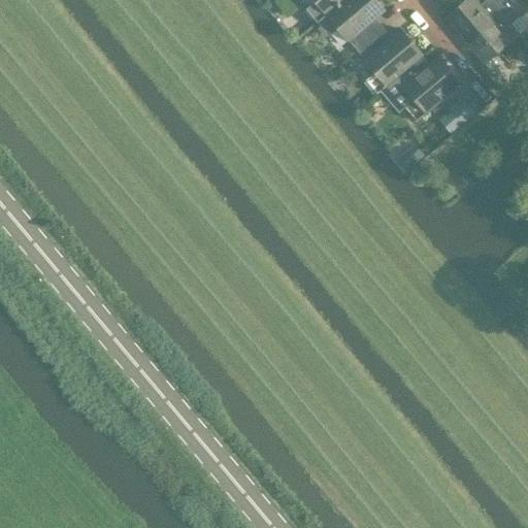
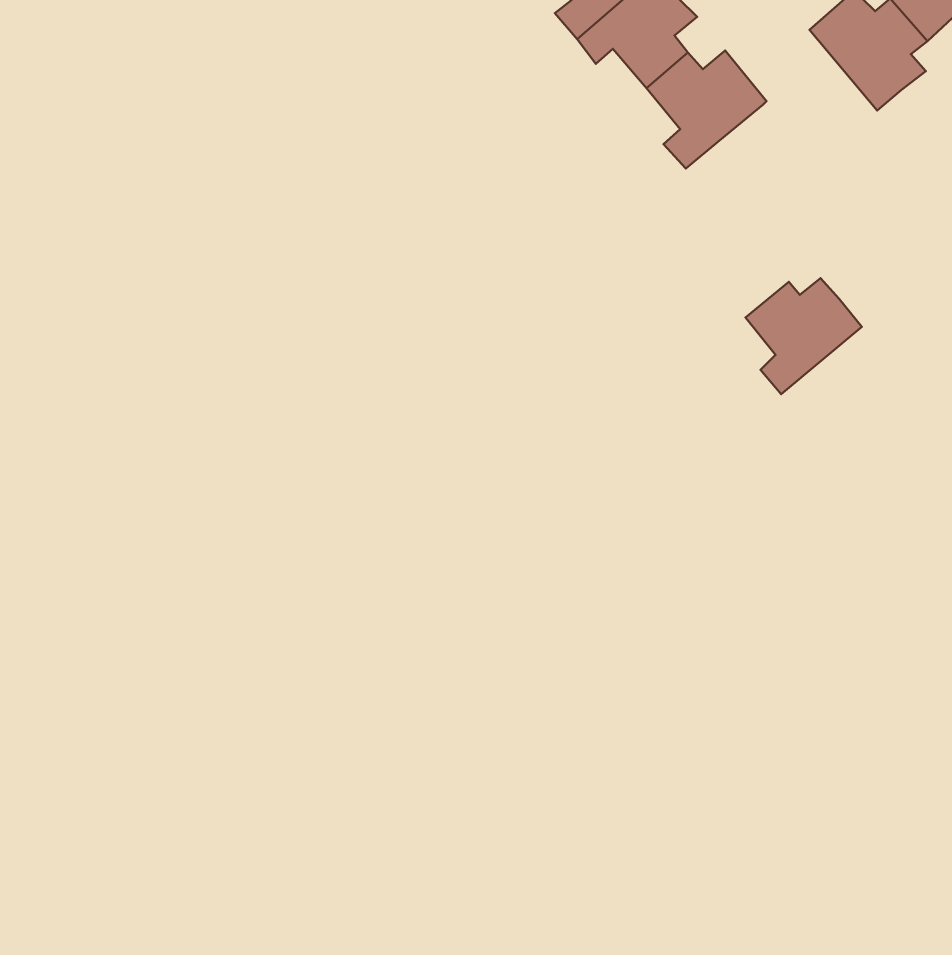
building: [399,56,463,120] -> [746,278,862,394]

